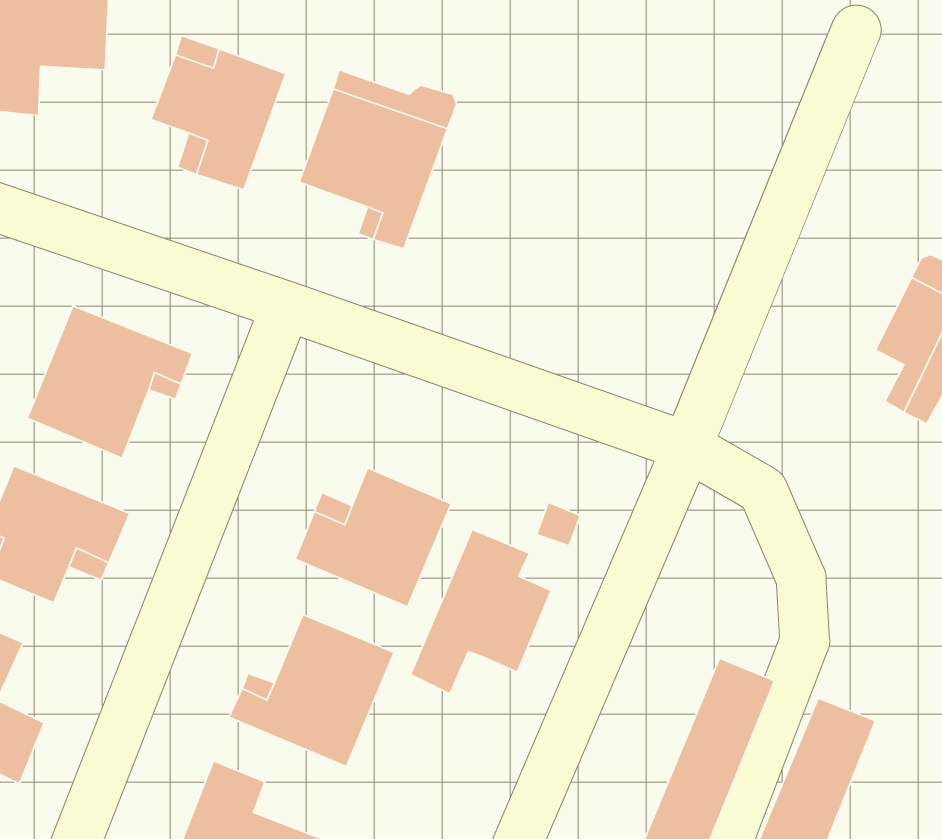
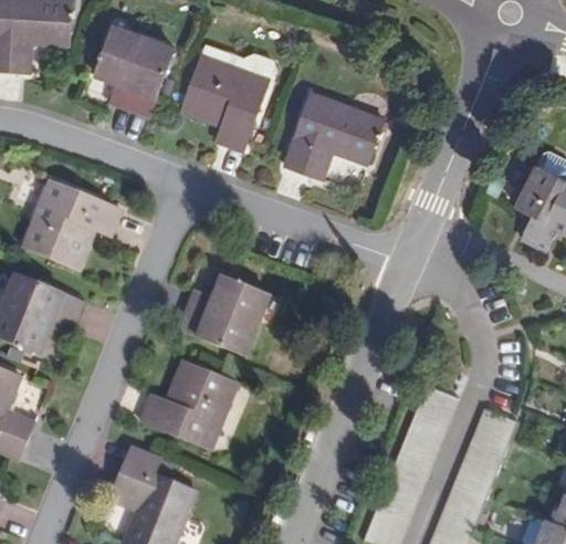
building: none -> [285,92,391,178]
building: [410,530,551,694] -> none

